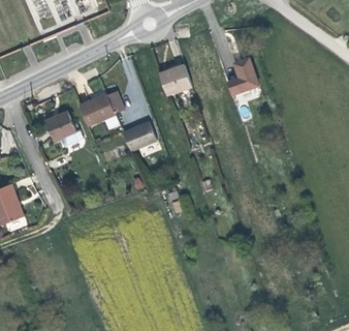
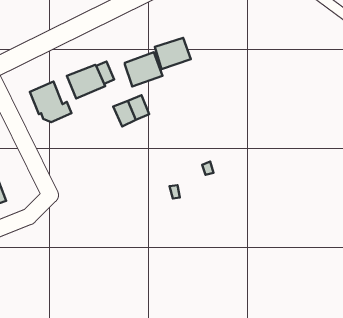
building: [228,63,259,99] -> none
building: none -> [125,52,163,87]

